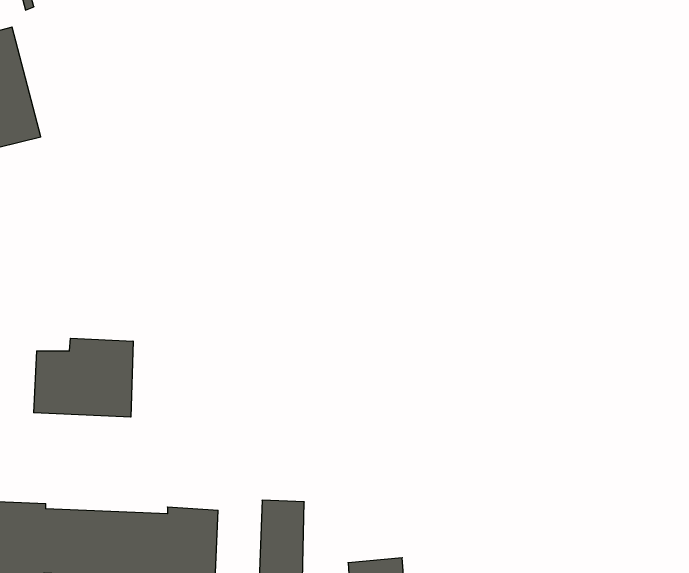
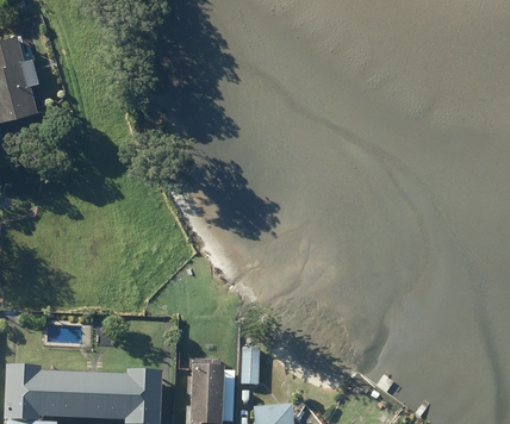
building: [34,338,133,417] -> none
building: none -> [243,345,262,382]

